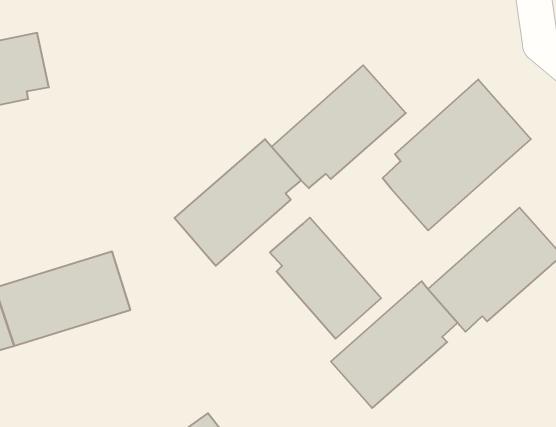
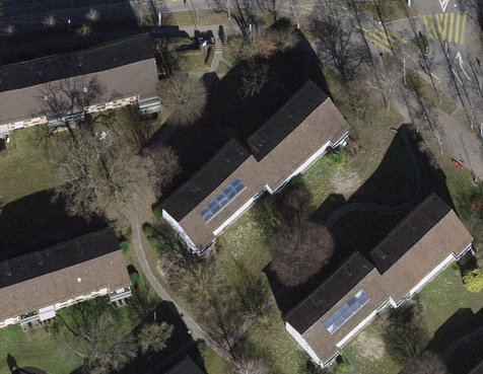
building: none -> [55,42,158,105]
building: [383,79,531,230] -> none
building: [270,218,381,339] -> none

